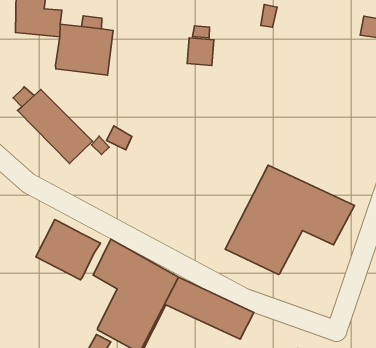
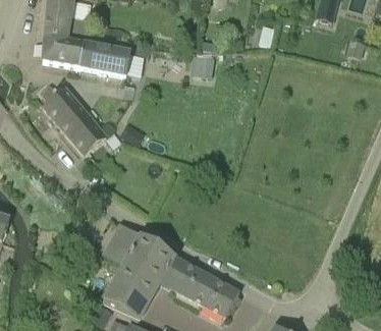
building: none -> [43,36,84,66]
building: [225,165,354,275] -> none
building: [36,220,100,280] -> none

